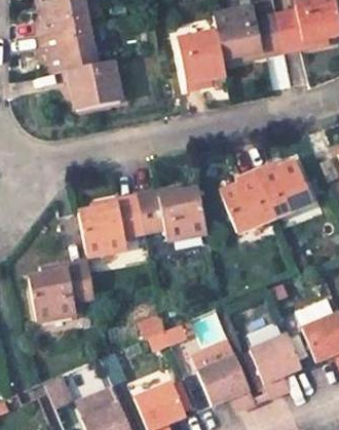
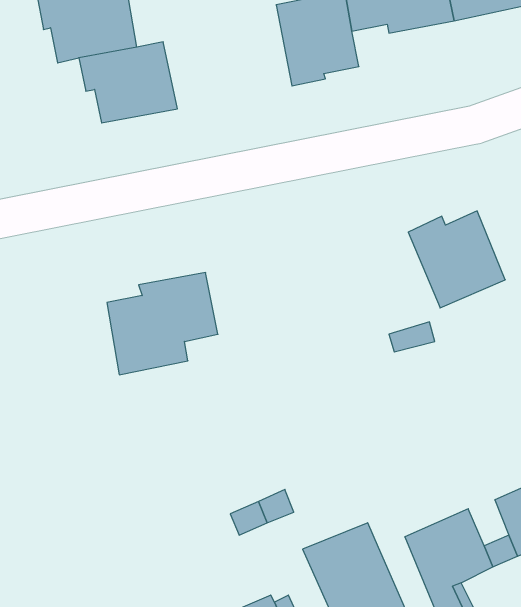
building: [219,171,271,231] -> none
building: [135,187,204,238] -> none
building: [27,261,92,320] -> none

